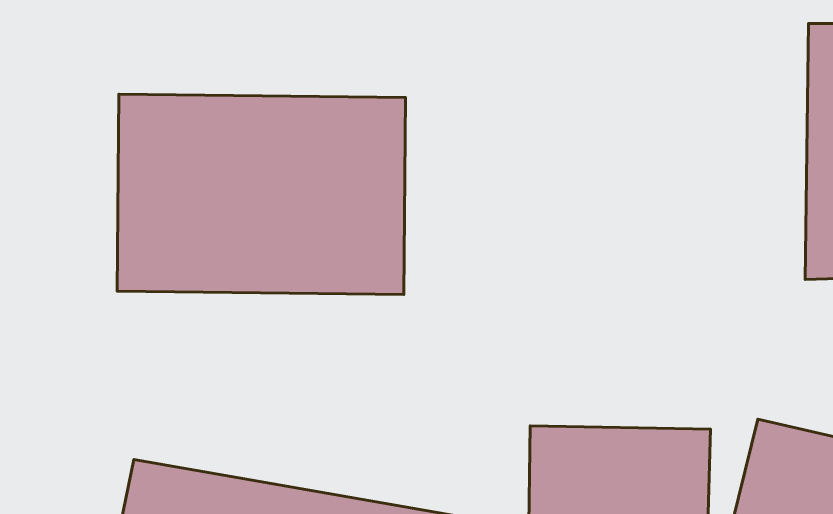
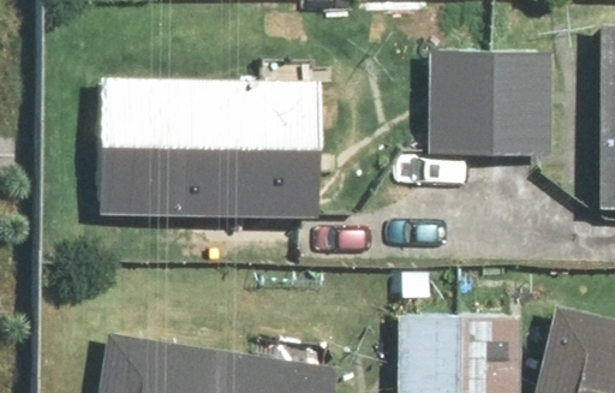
building: none -> [436,35,561,156]

